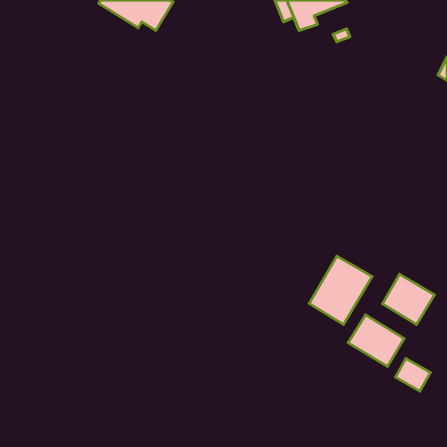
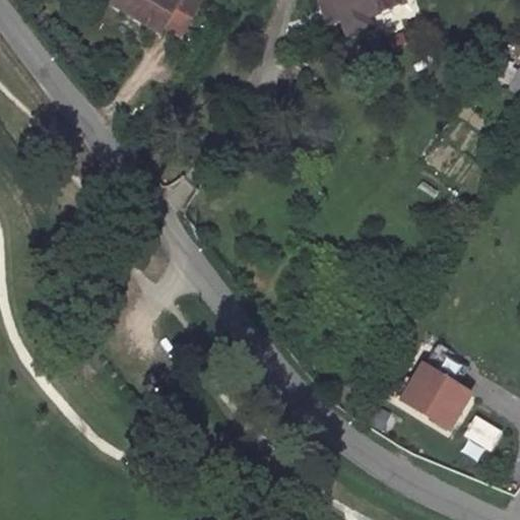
building: [309,256,372,324] -> none
building: [382,274,435,324] -> none

